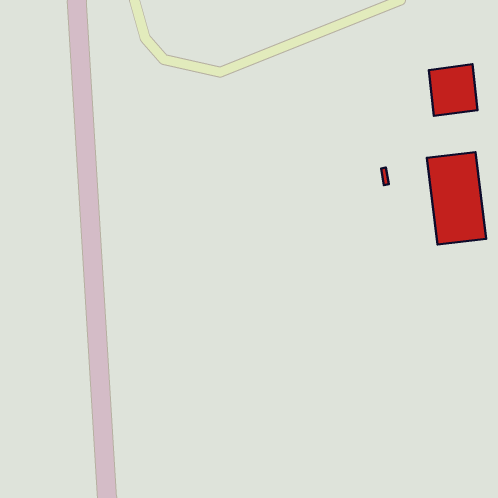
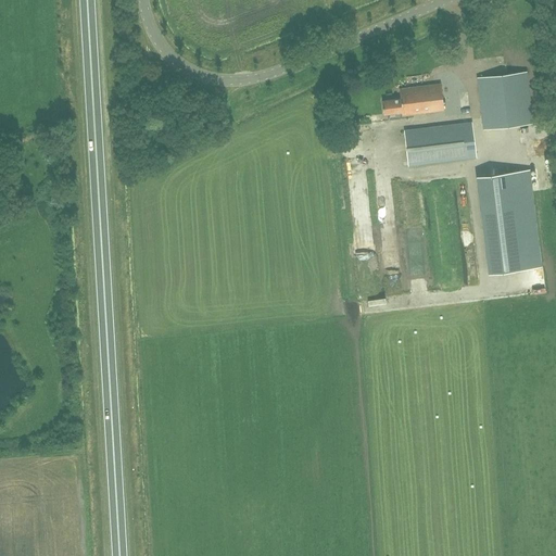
building: none -> [382,85,444,115]
building: none -> [405,123,477,165]

